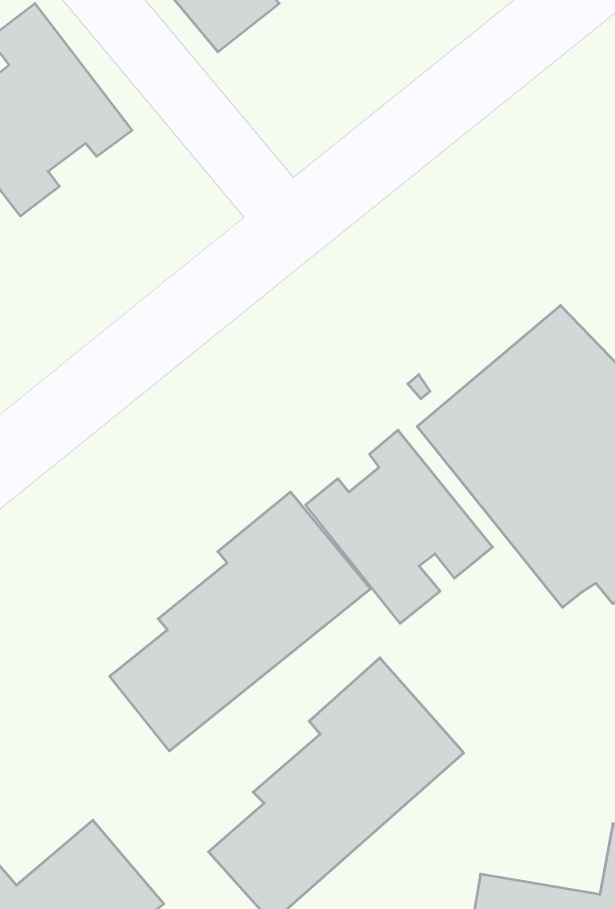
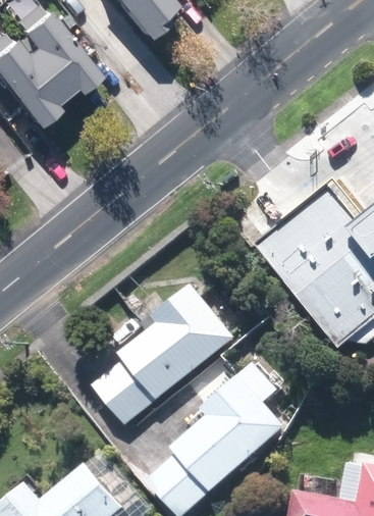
building: [306,430,493,623] -> none

